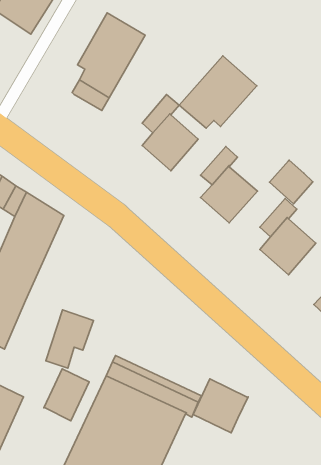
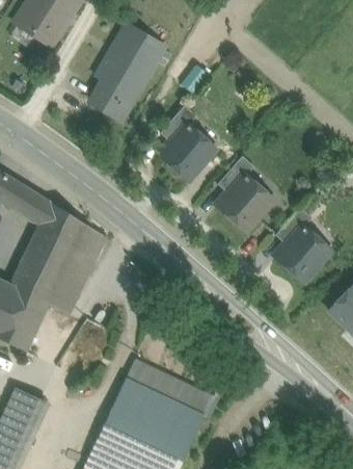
building: [179,56,257,128] -> none
building: [269,160,313,204] -> none
building: none -> [46,224,106,317]
building: [44,369,89,421] -> none
building: [193,379,248,433] -> none

